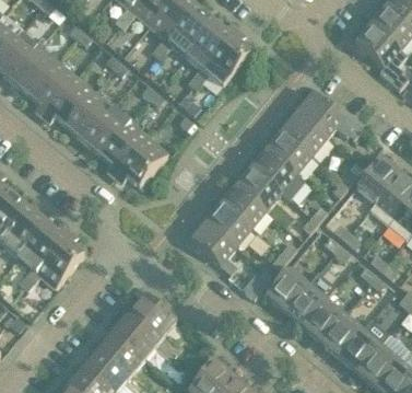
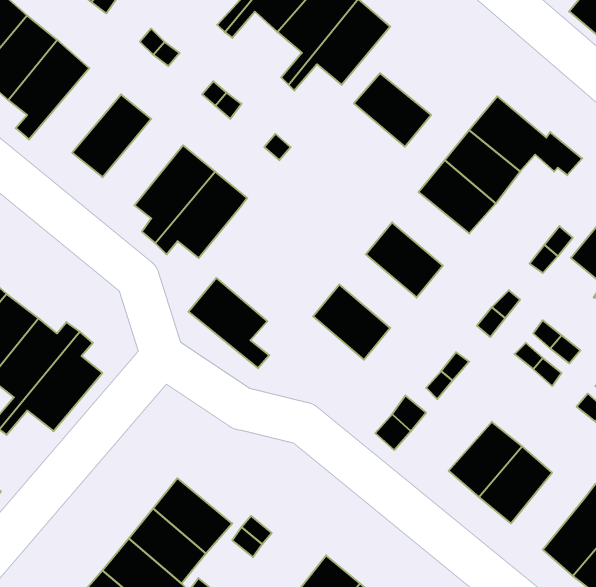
building: [42,76,95,125] -> none
building: [84,105,131,155] -> none
building: [252,148,297,190] -> [354,73,431,147]
building: [222,184,267,227] -> none
building: [190,220,237,273] -> [188,278,269,368]
building: [266,265,310,310] -> none
building: [128,294,176,340] -> none
building: [321,311,364,356] -> none

